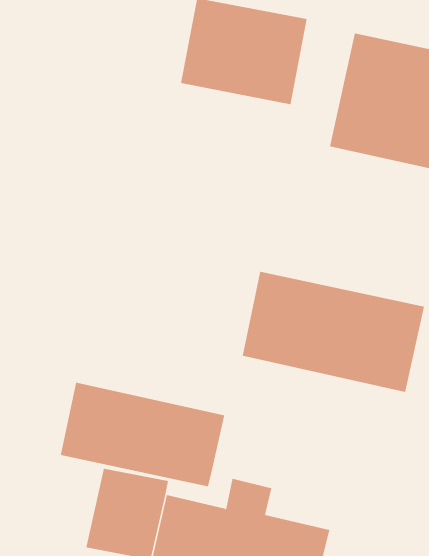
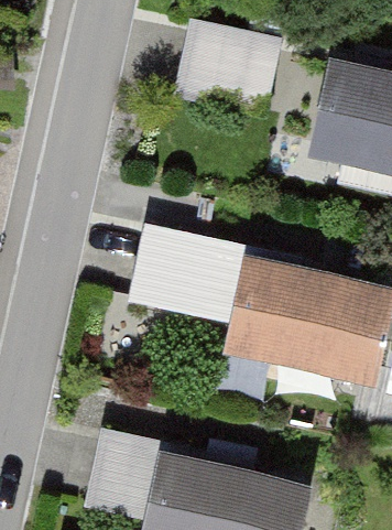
building: none -> [134,226,243,318]
building: [60,382,225,487] -> none

